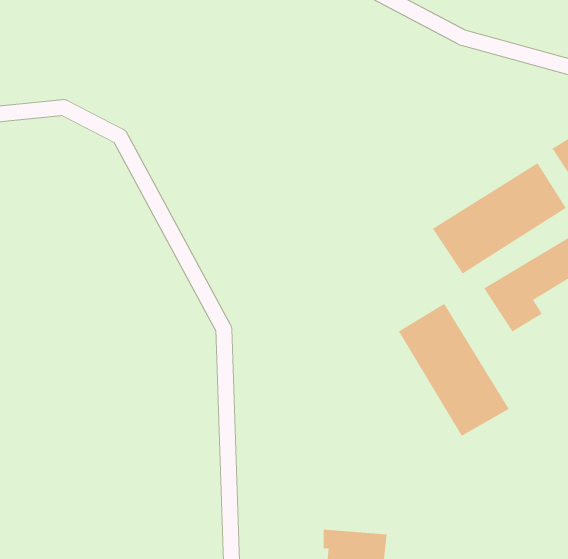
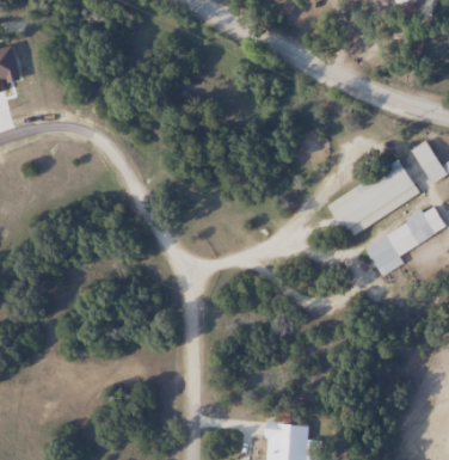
building: [398,303,510,437] -> none

